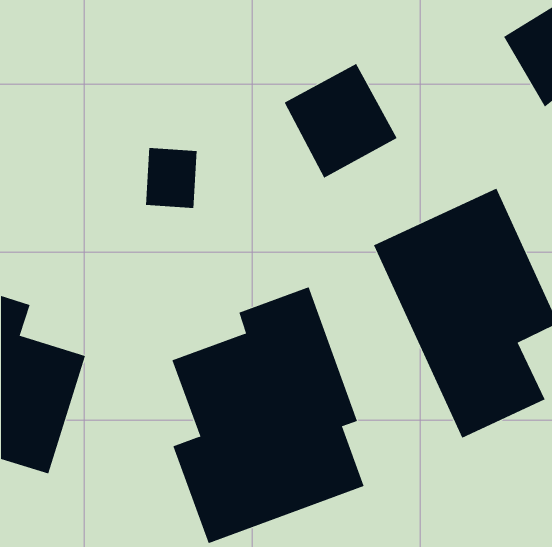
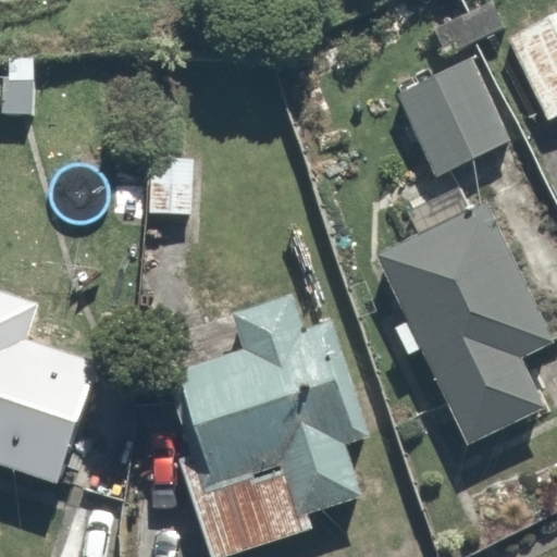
building: [284,63,398,178] -> [394,62,508,177]

